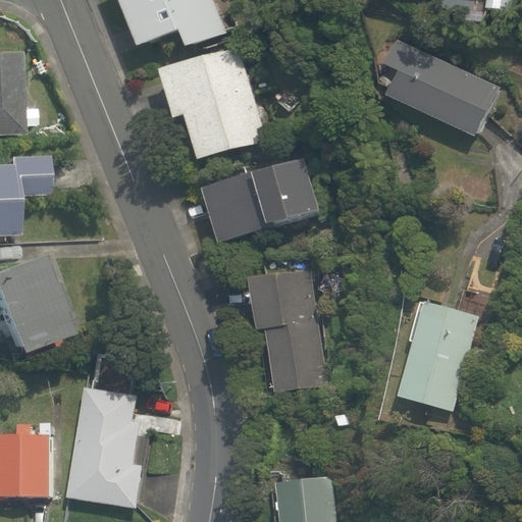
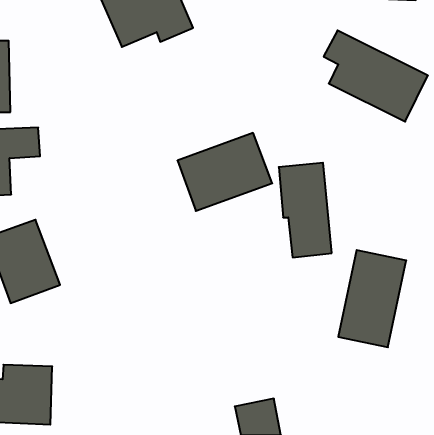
building: [163,49,268,165] -> none
building: [253,269,315,380] -> [279,163,332,257]
building: [68,382,148,505] -> none

